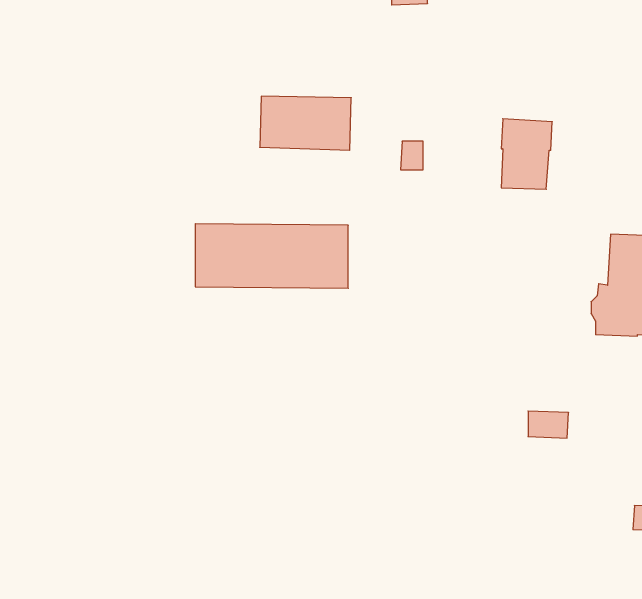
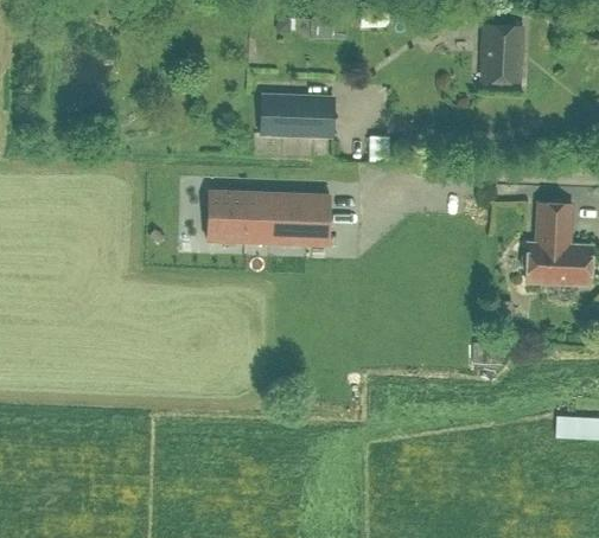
building: [501,119,552,189] -> [483,25,523,81]

